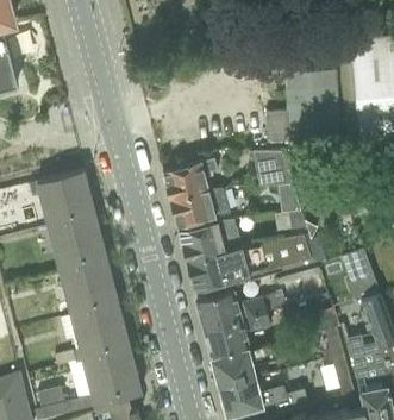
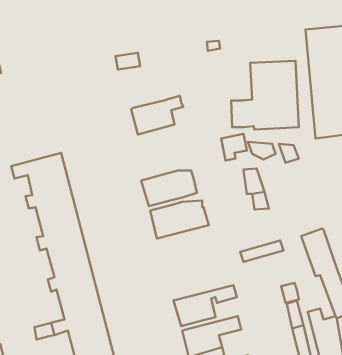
building: [162,158,218,200] -> [131,96,183,135]
building: [186,236,312,292] -> none
building: [196,292,284,328] -> none

